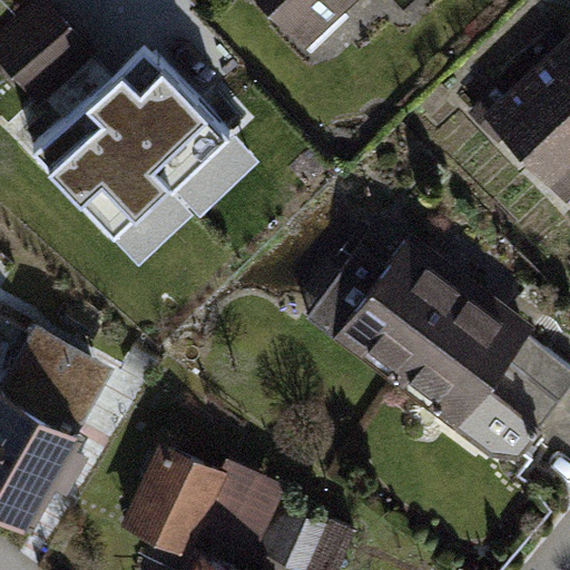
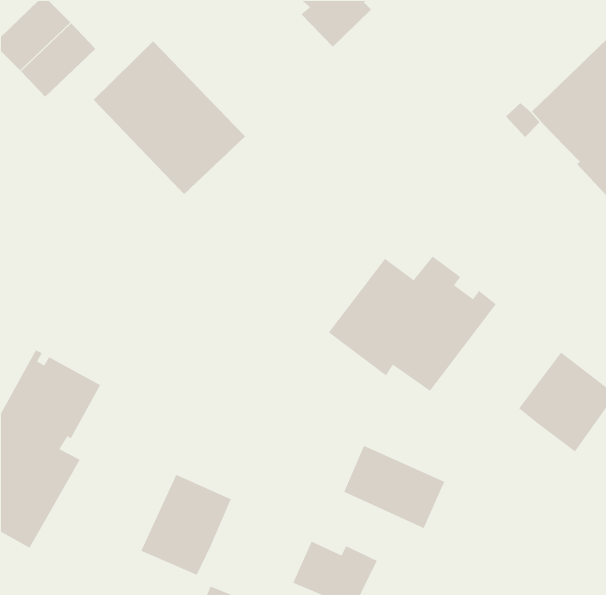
building: [35,105,169,240] -> none
building: [404,296,527,436] -> none
building: [199,479,295,558] -> [343,445,445,529]

